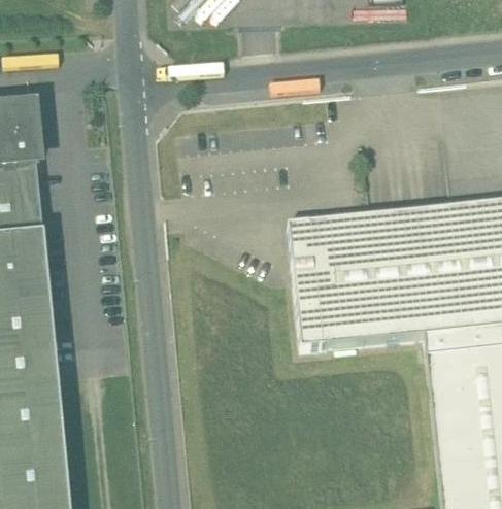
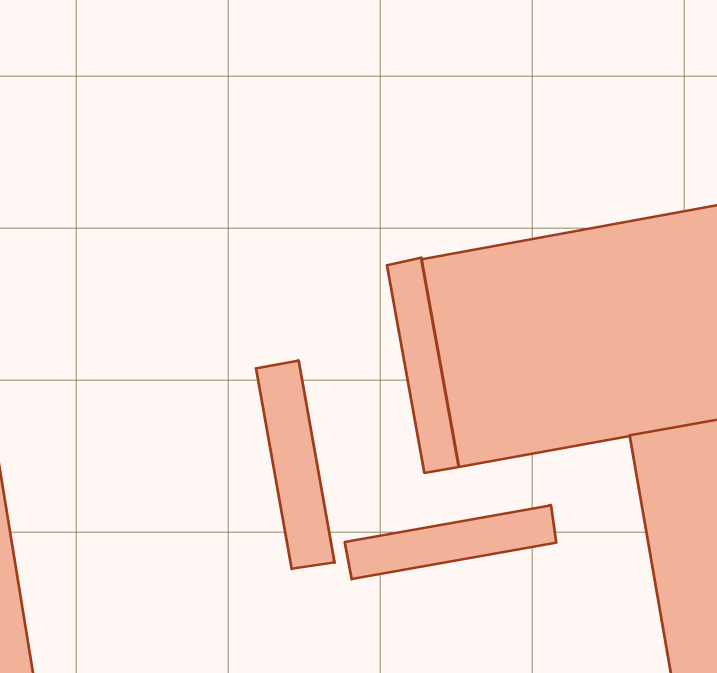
building: none -> [256,360,335,569]
building: none -> [345,505,556,579]

